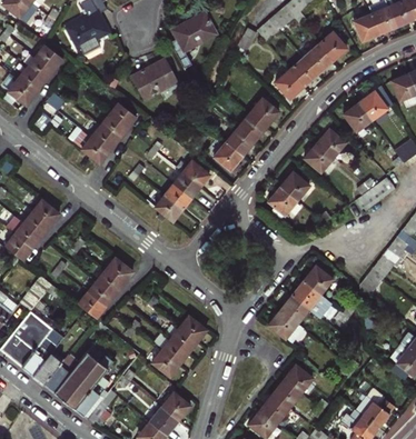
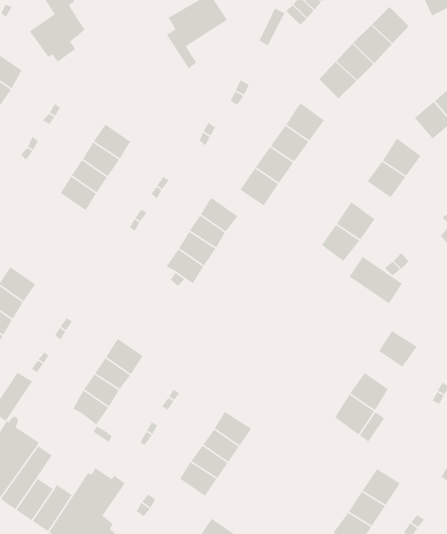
building: [129,57,175,98] -> none
building: [293,281,331,318] -> [349,256,403,305]

